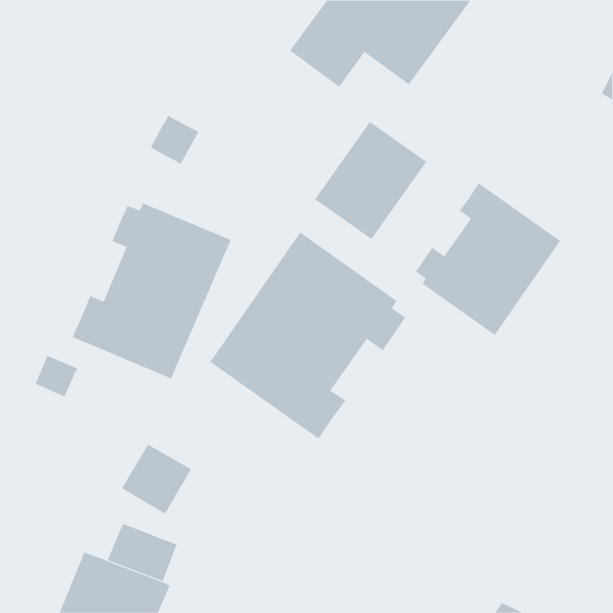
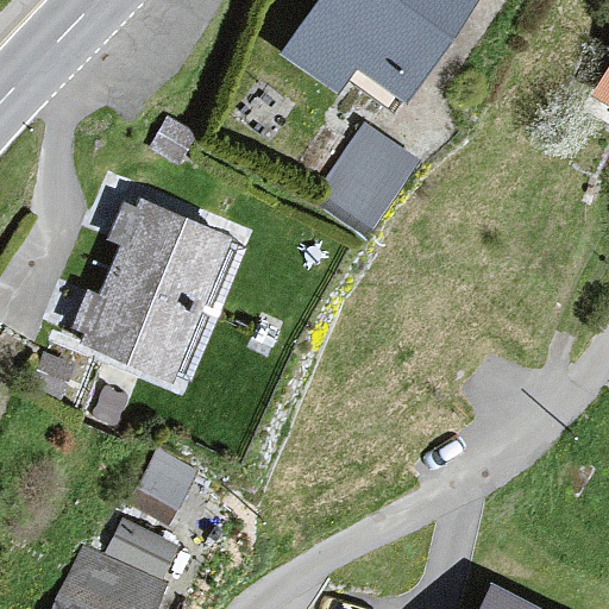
building: [415,183,561,336] -> none
building: [209,231,406,440] -> none

